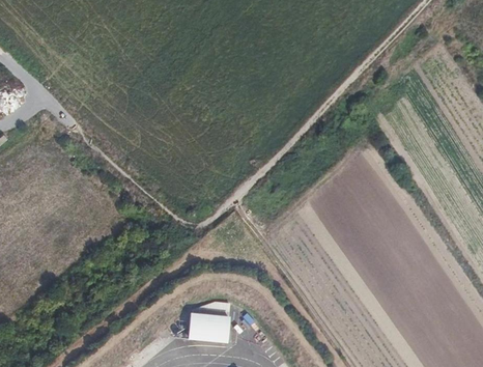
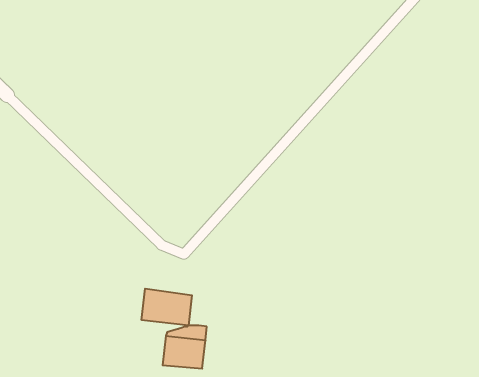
building: none -> [142,289,192,325]

